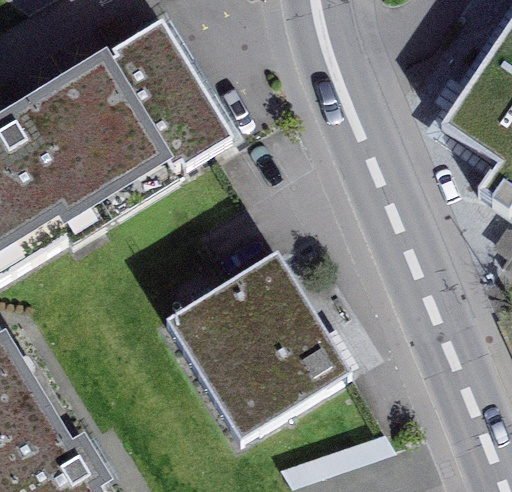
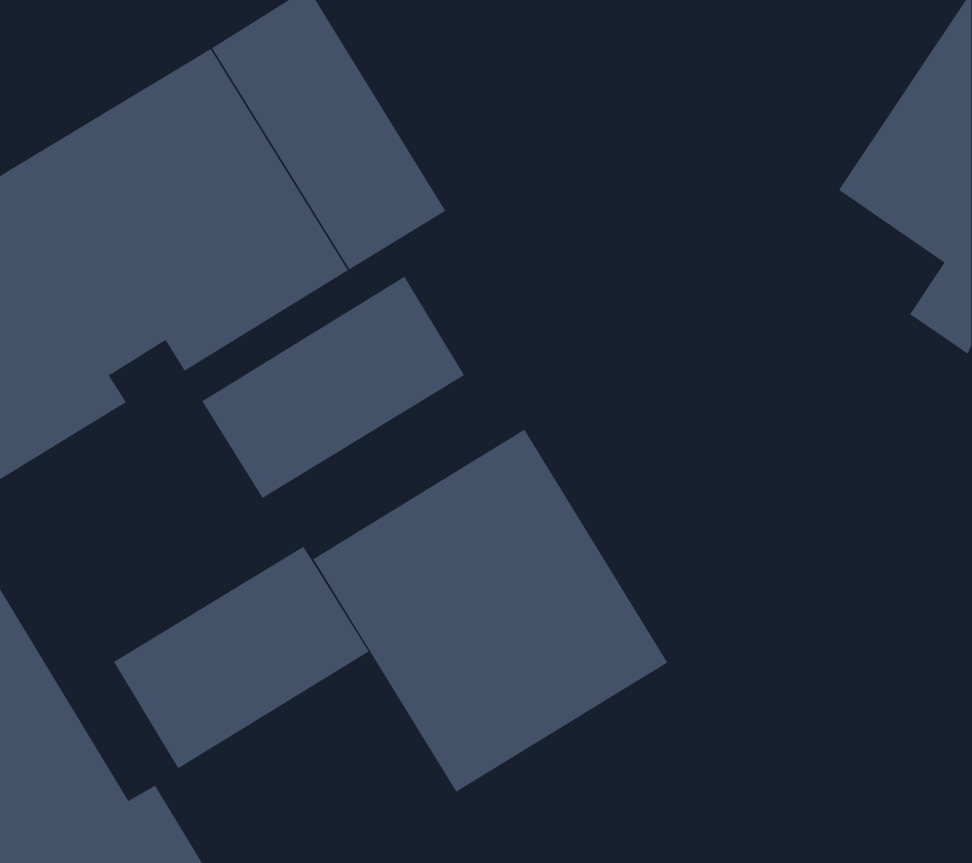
building: none -> [201,276,465,499]
building: none -> [113,546,369,769]

